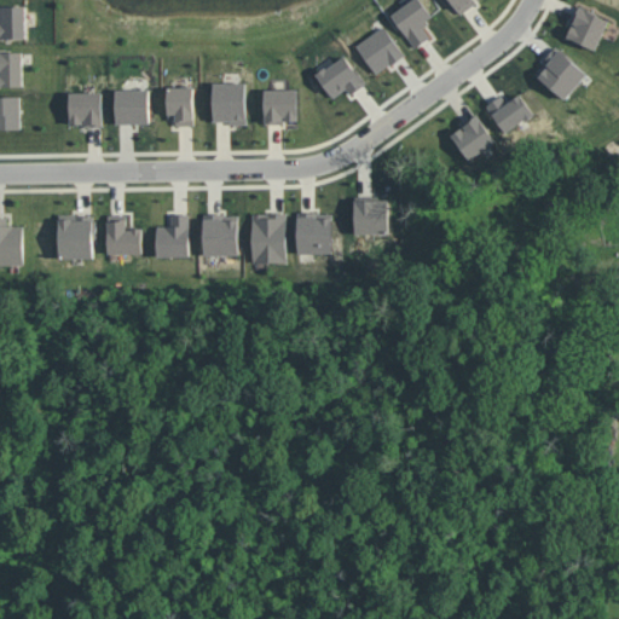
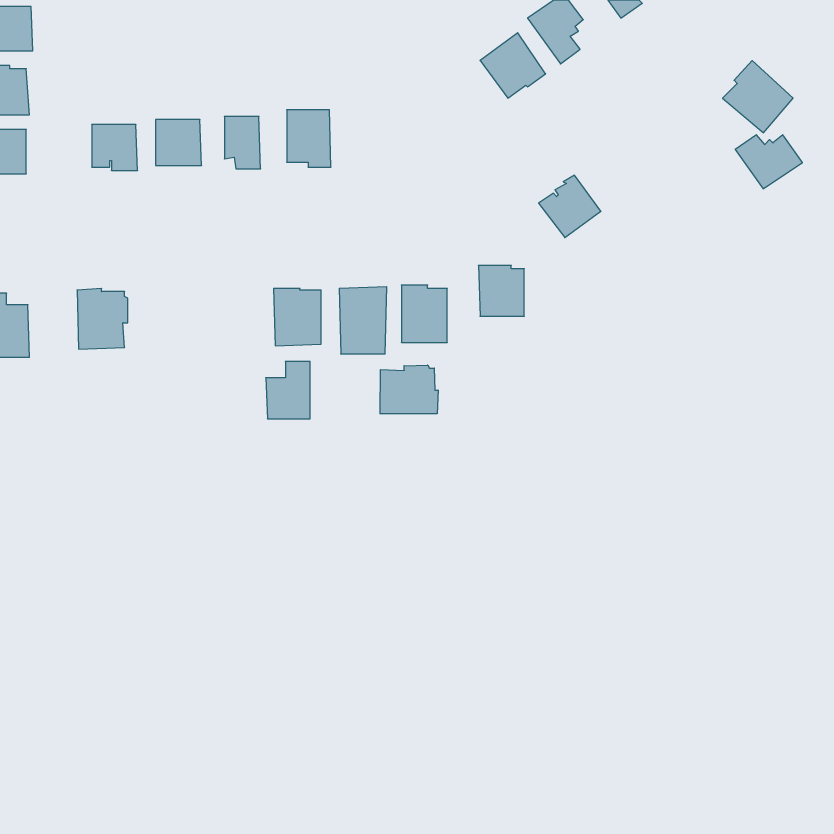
building: [566,7,607,51] -> none
building: [313,58,364,99] -> none
building: [262,91,295,125] -> none
building: [484,96,533,135] -> [735,135,802,189]
building: [449,116,494,162] -> [539,175,601,238]
building: [155,215,187,258] -> [266,361,310,419]
building: [106,216,140,255] -> none
building: none -> [380,365,438,414]

